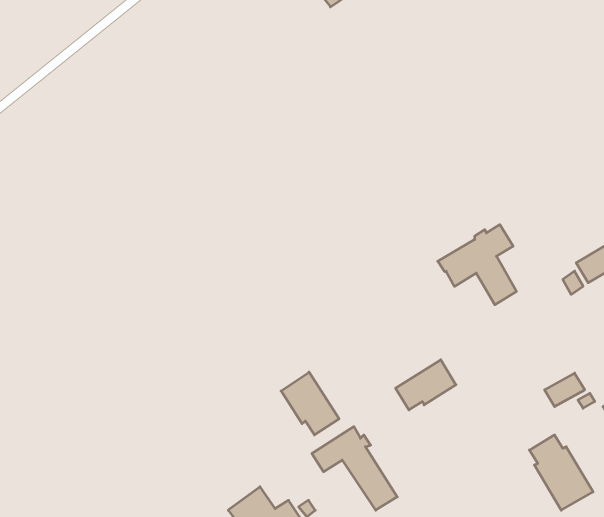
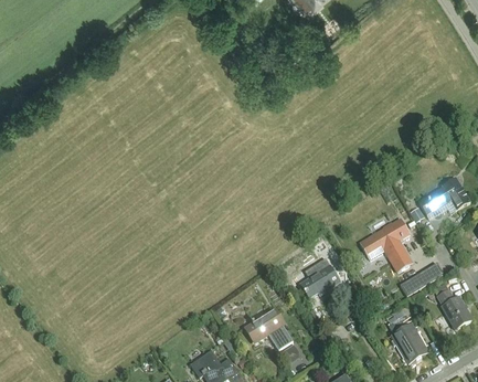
building: [438,225,516,305] -> [360,220,412,273]
building: [281,372,339,435] -> none

